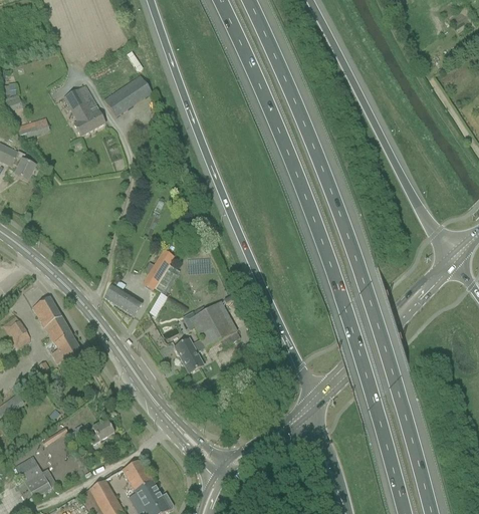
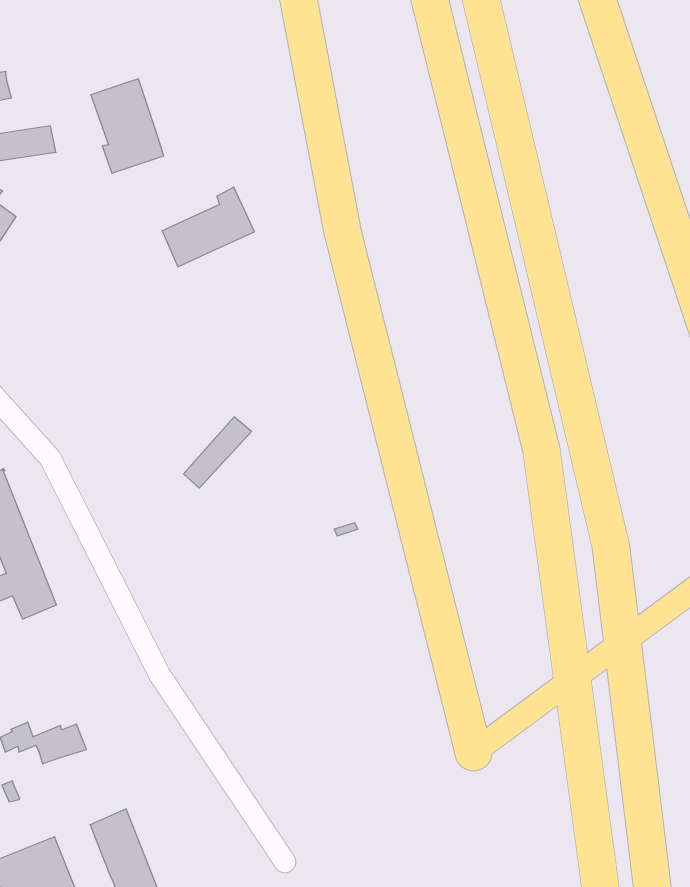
building: [104,71,152,116] -> [162,187,254,267]
building: [103,283,142,315] -> none
building: [174,302,240,372] -> none

